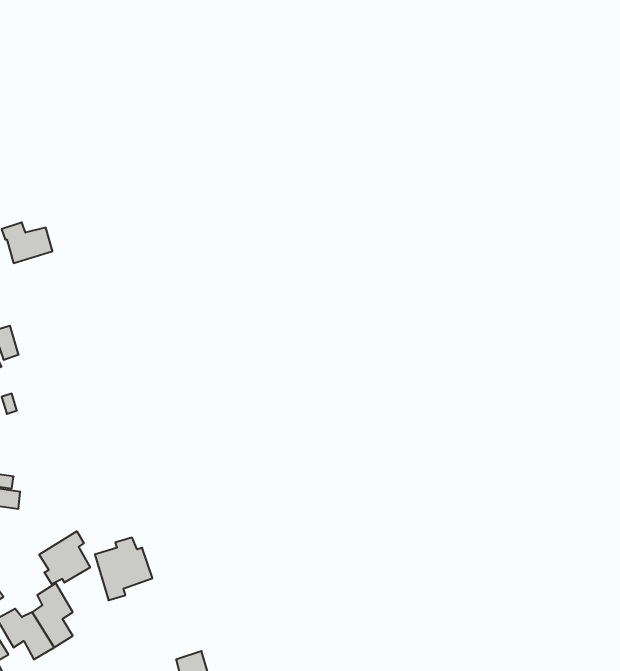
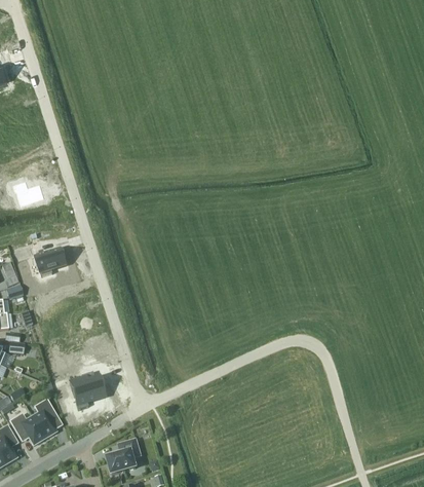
building: none -> [35,248,66,275]
building: [39,531,90,584] -> none

